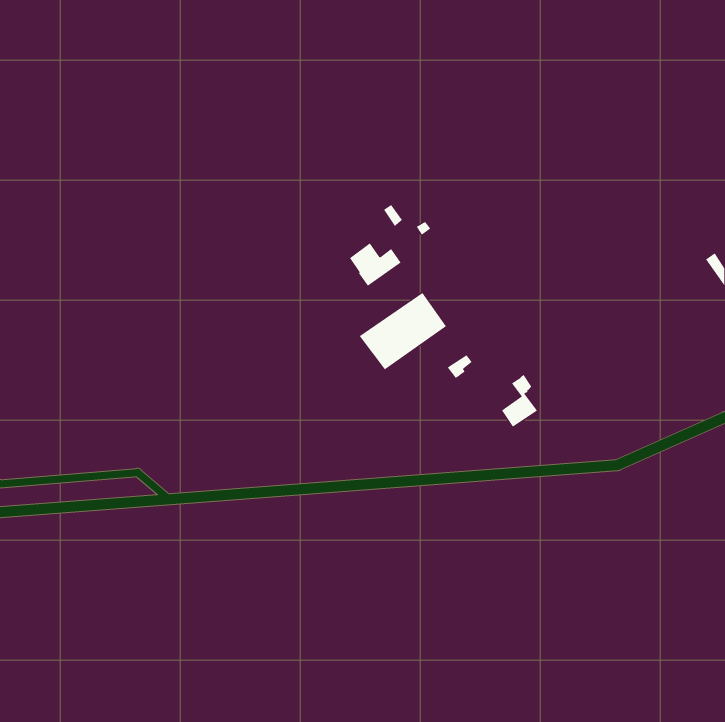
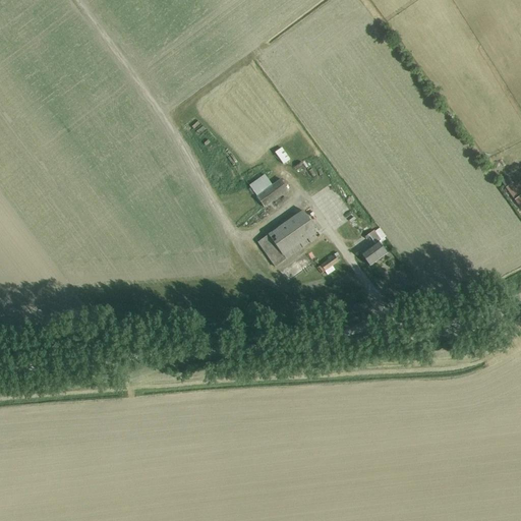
building: [501,374,538,428] -> [361,226,388,265]

